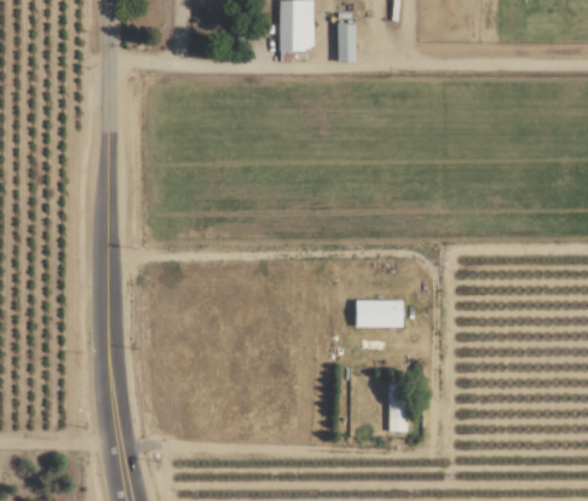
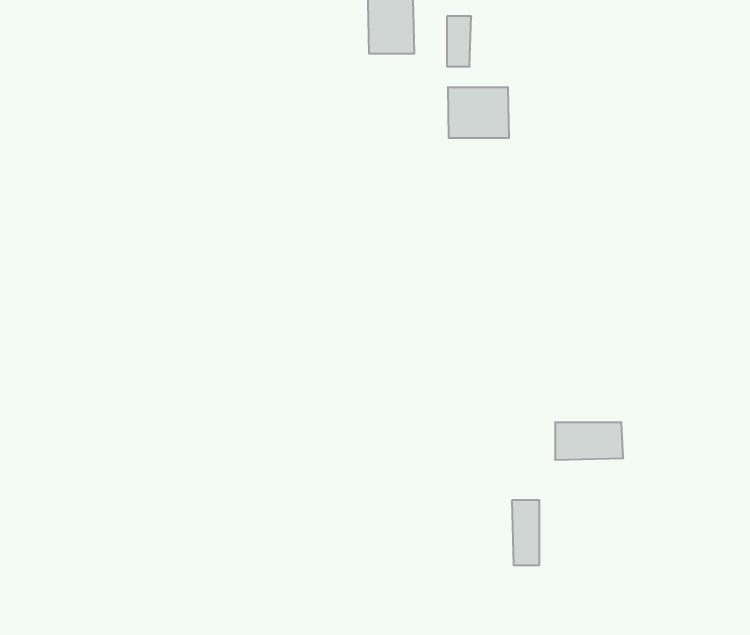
building: none -> [448,87,509,138]
building: [353,300,404,328] -> [555,422,623,460]

